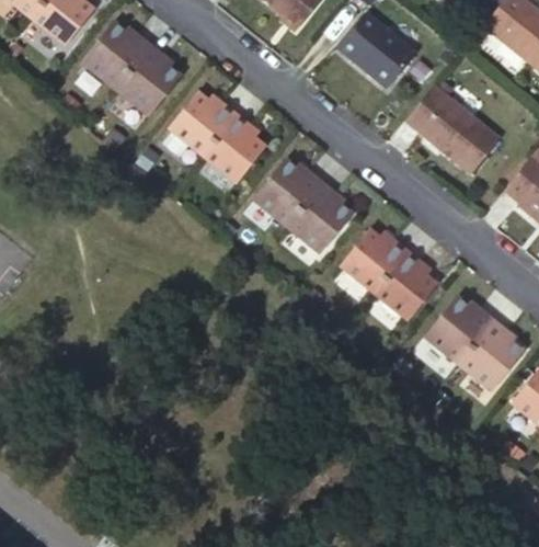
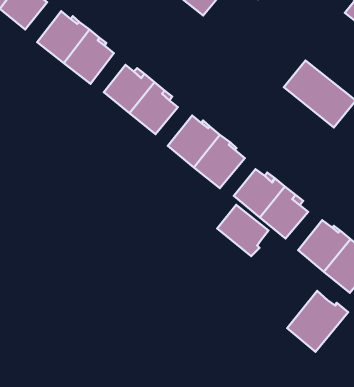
building: [339,13,415,88] -> none
building: none -> [217,205,269,256]
building: none -> [287,291,348,352]

